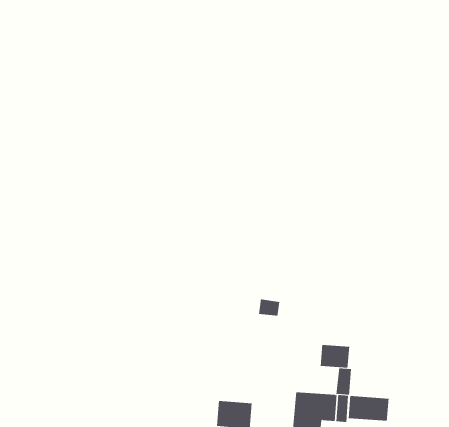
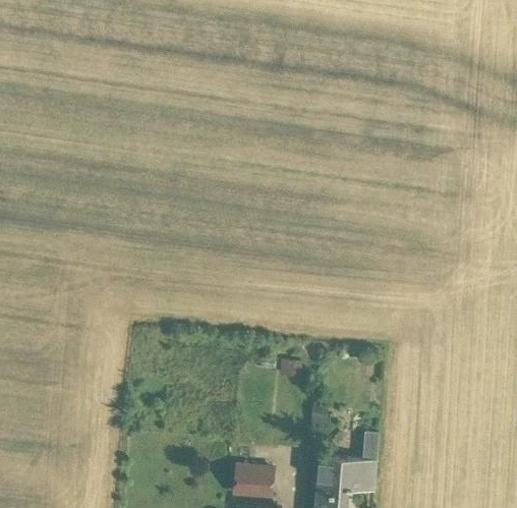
building: [320,344,350,368] -> none
building: [348,395,389,421] -> none

